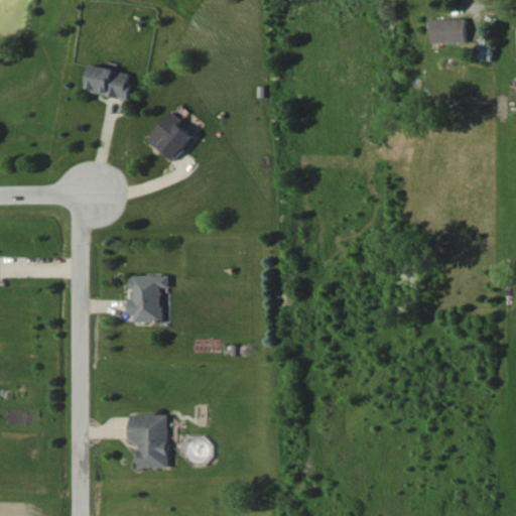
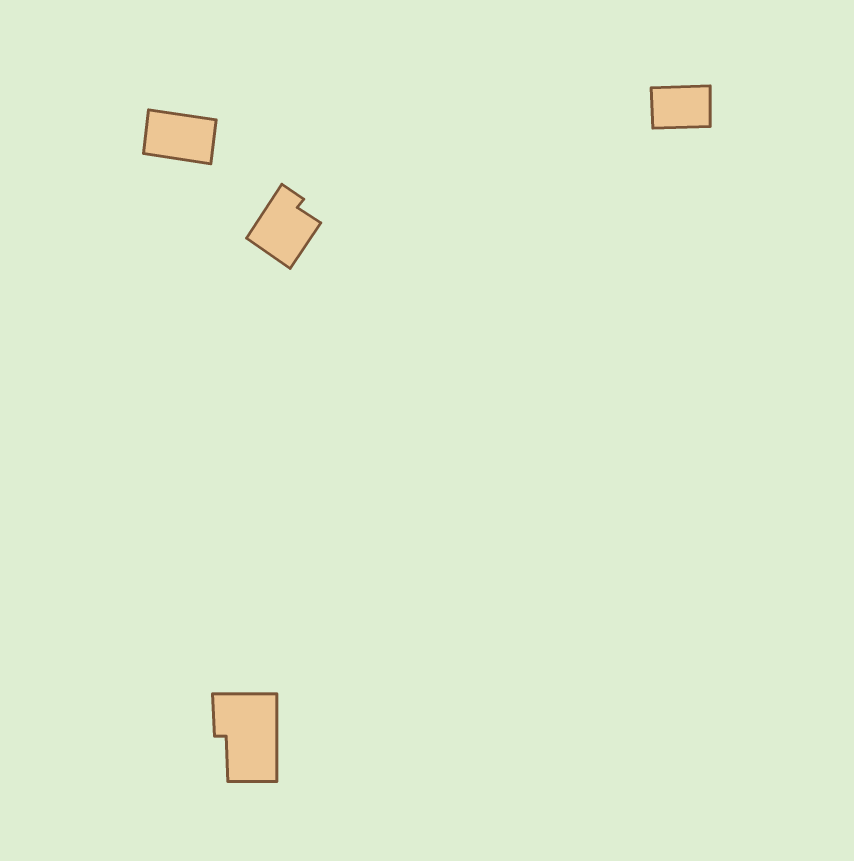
building: [427,18,463,43] -> [651,86,710,128]
building: [129,276,167,321] -> none

